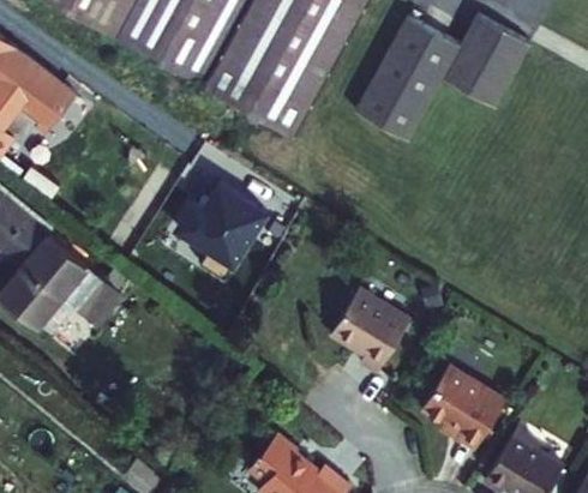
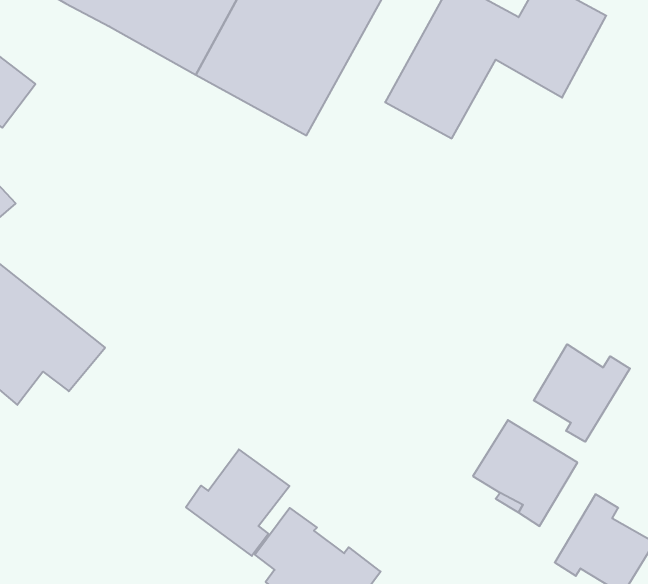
building: [167,185,274,284] -> none
building: [330,285,409,368] -> none
building: none -> [534,344,630,442]
building: none -> [186,449,289,556]

